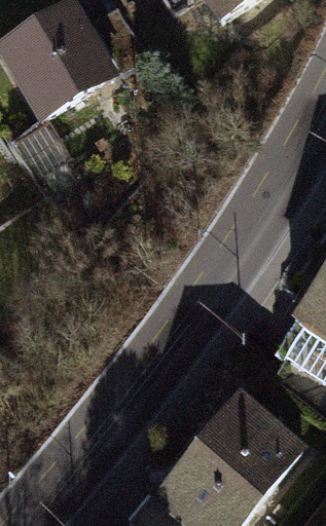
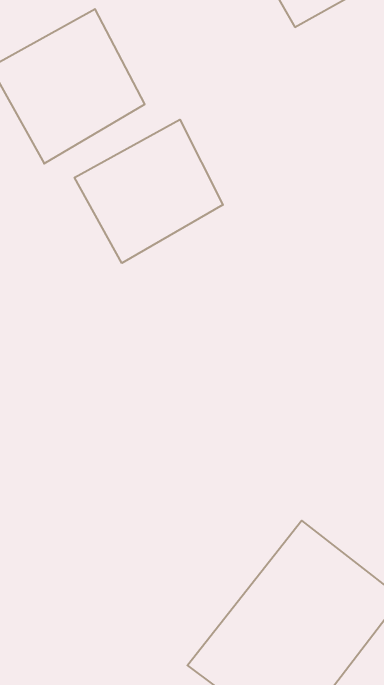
building: none -> [75,120,223,263]

